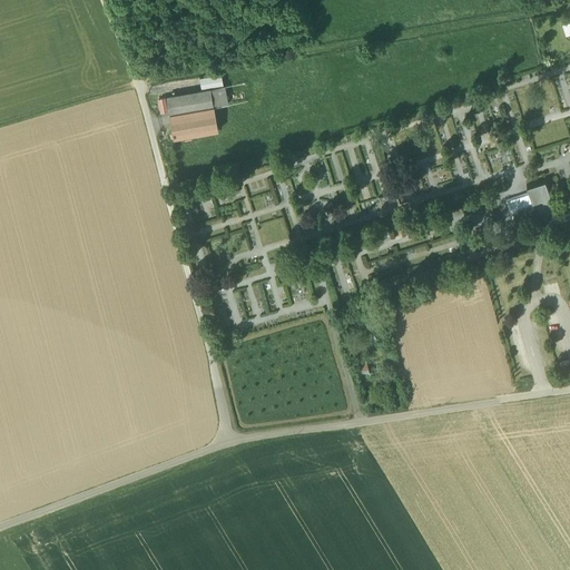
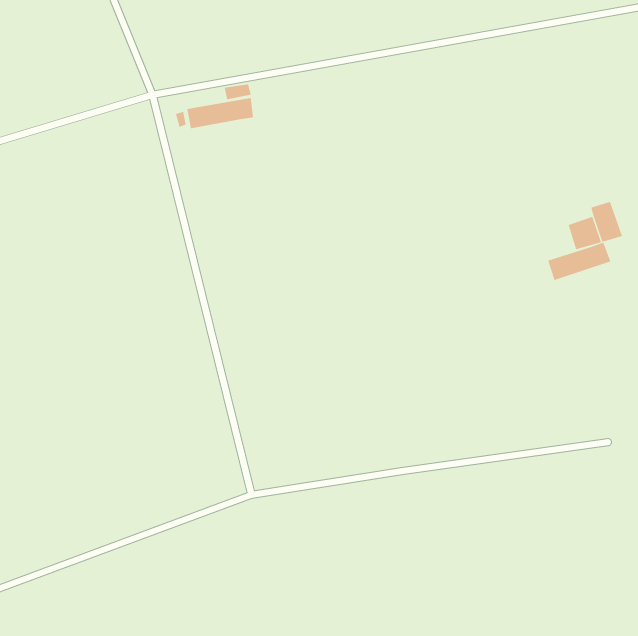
building: [169,109,217,141] -> none
building: none -> [548,242,611,281]

